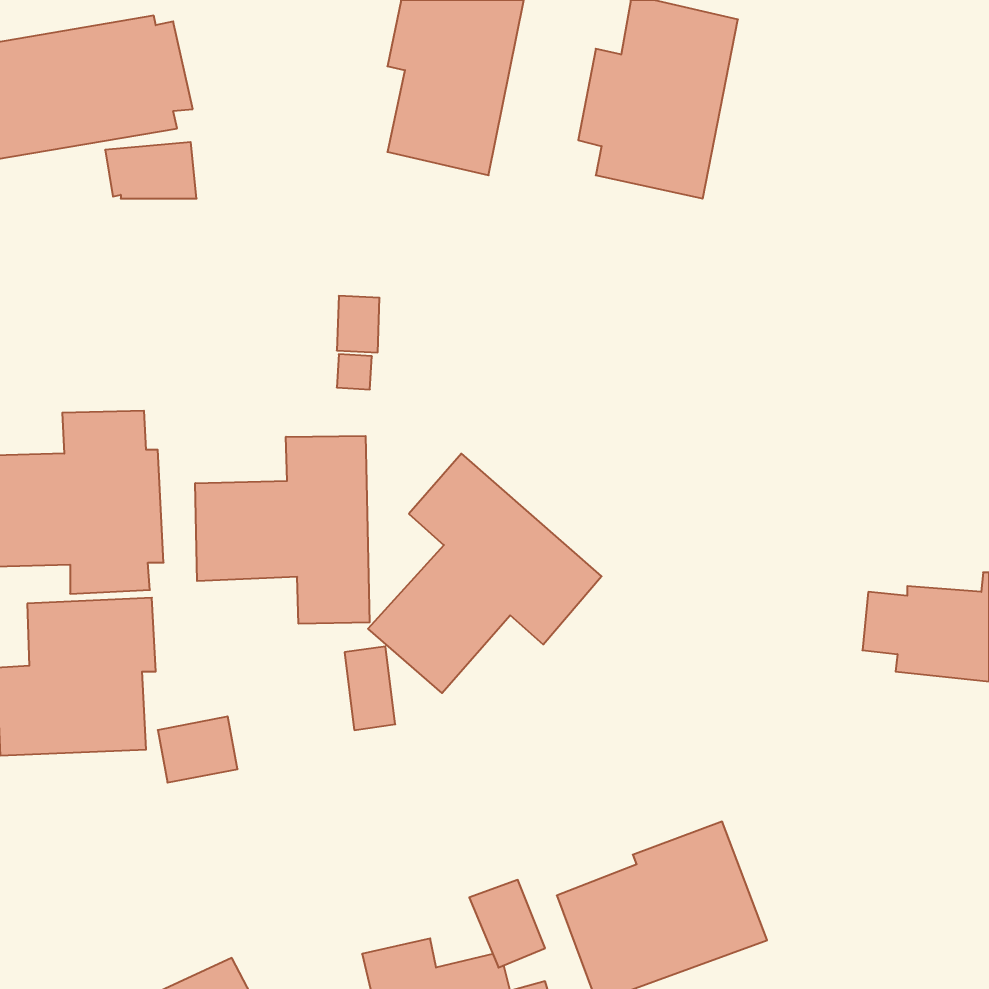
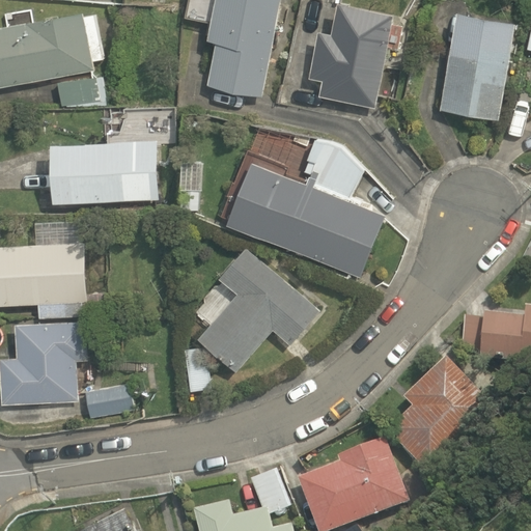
building: none -> [439,10,515,121]
building: none -> [226,139,385,278]
building: none -> [51,140,158,202]
building: [195,436,370,624] -> none
building: none -> [386,359,498,479]

